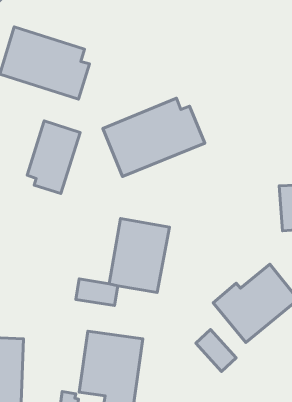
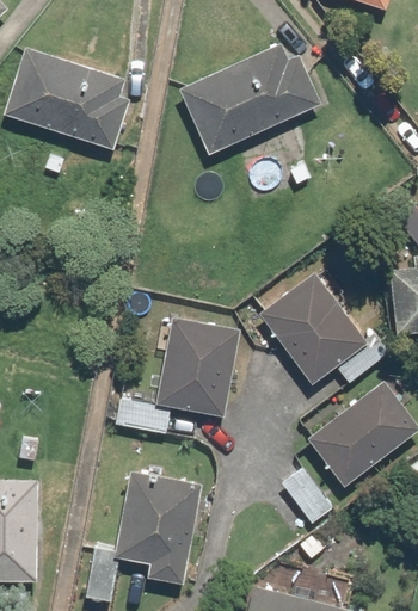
building: [103,98,205,177] -> [177,44,319,153]
building: [27,121,80,193] -> none
building: none -> [259,272,380,387]

